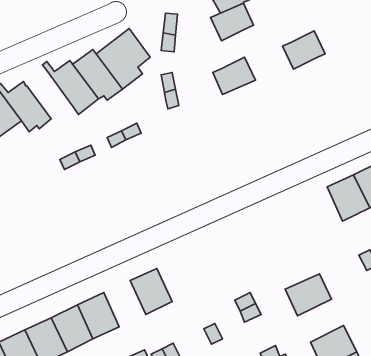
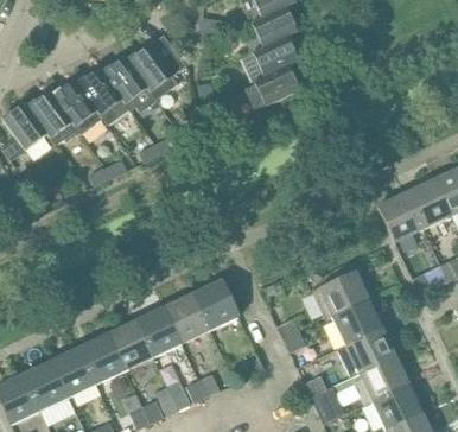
building: [282,31,325,69] -> [253,36,299,77]
building: none -> [53,80,103,134]
building: none -> [313,269,369,318]
building: none -> [193,279,238,329]
building: none -> [136,306,182,356]
building: none -> [345,326,395,373]

